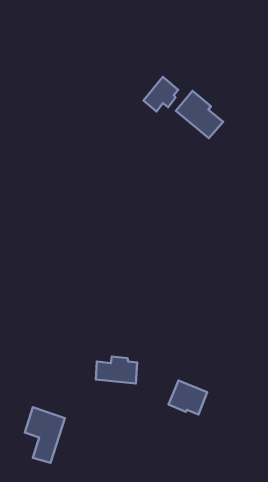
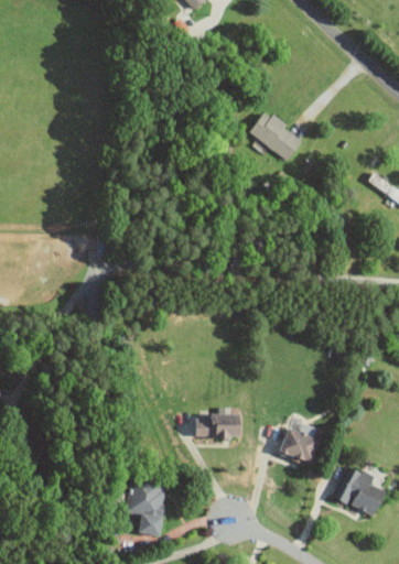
building: [144,77,178,112] -> none
building: none -> [331,465,386,517]

